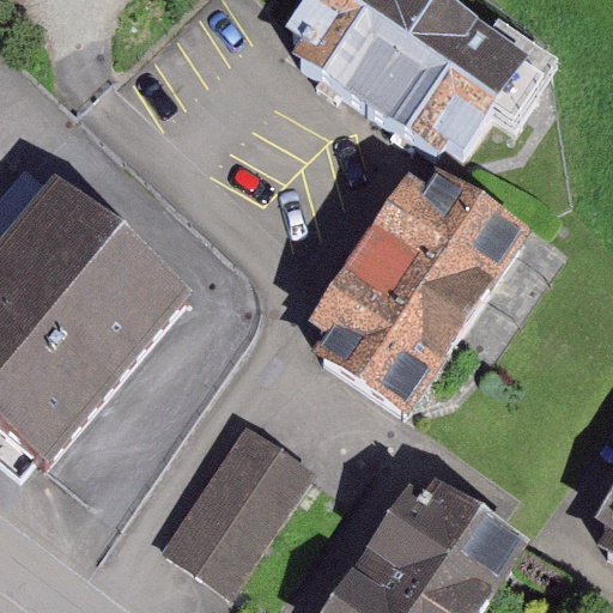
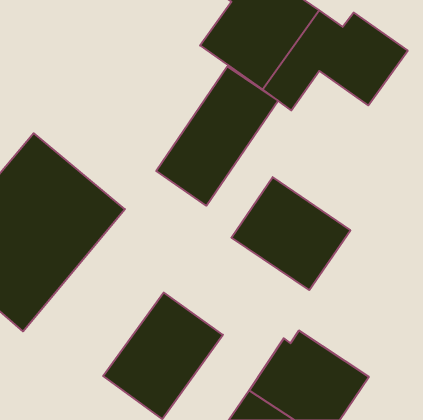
building: none -> [156,67,278,206]
building: [387,171,552,327] -> none

